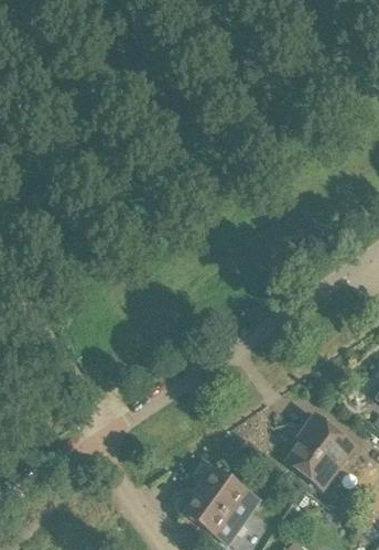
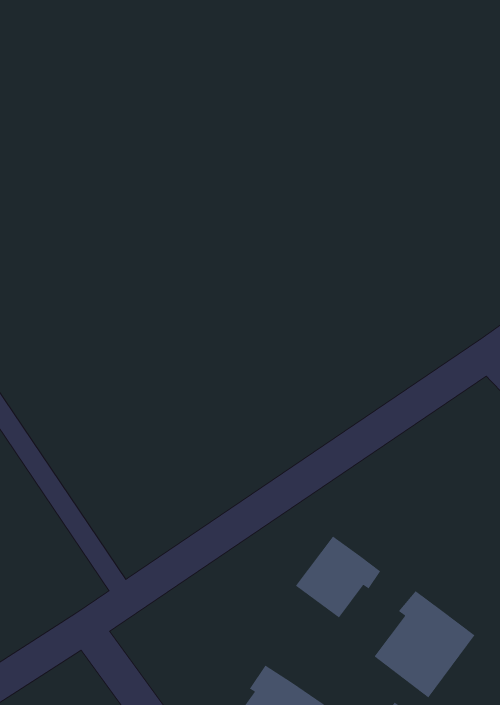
building: none -> [295,535,381,619]

